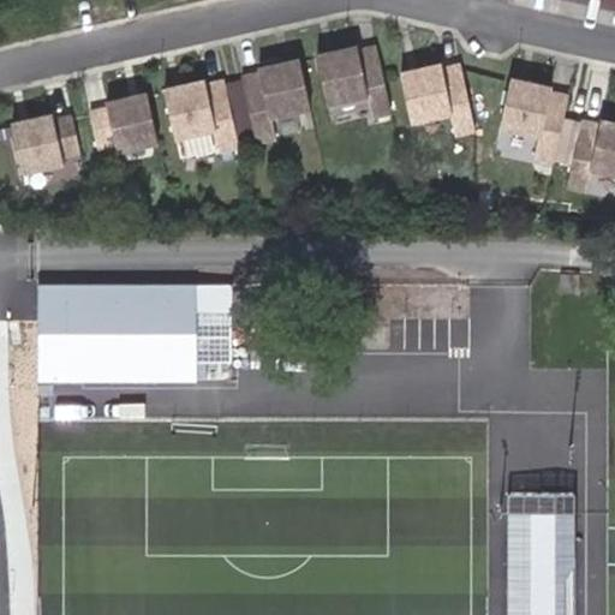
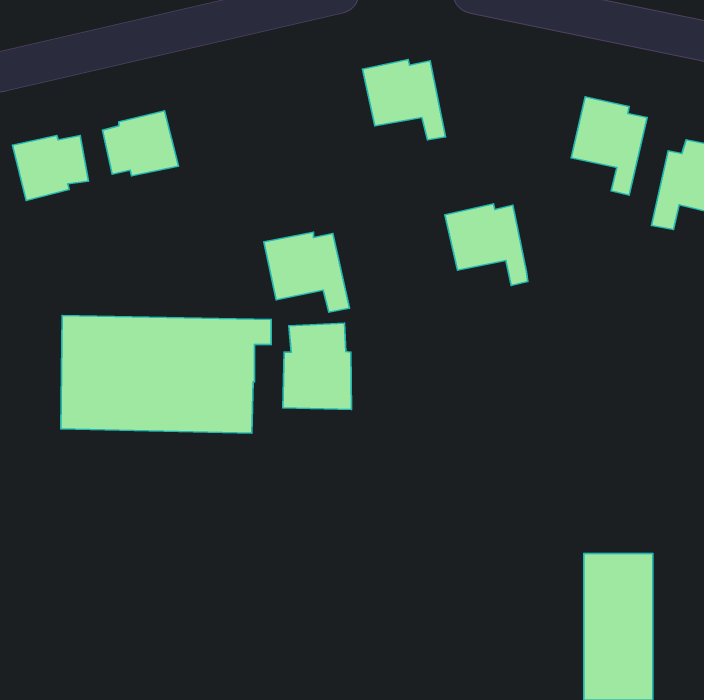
building: [243,64,309,121] -> none
building: [400,71,472,142] -> [445,204,528,286]
building: [163,84,238,154] -> [264,232,349,312]
building: none -> [283,323,351,409]

